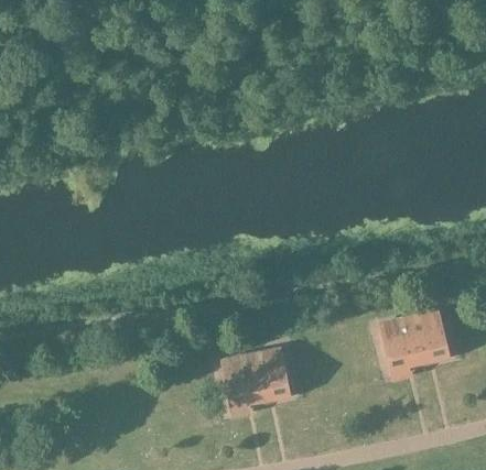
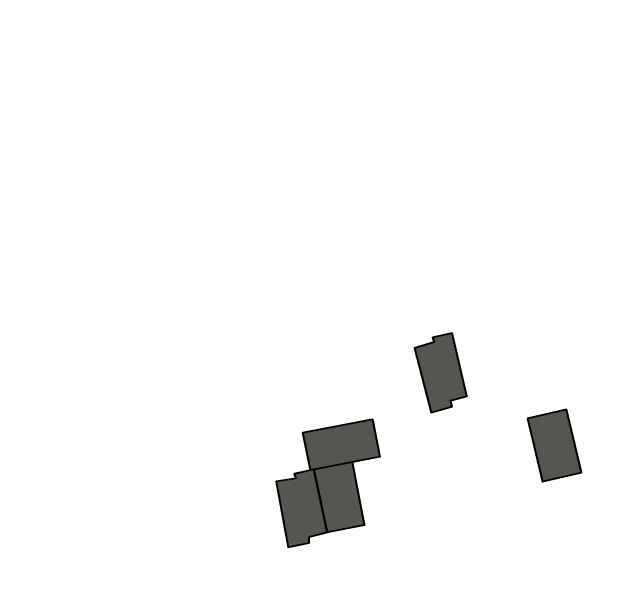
building: [384,319,422,378] -> [415,333,467,412]
building: none -> [303,419,380,470]

